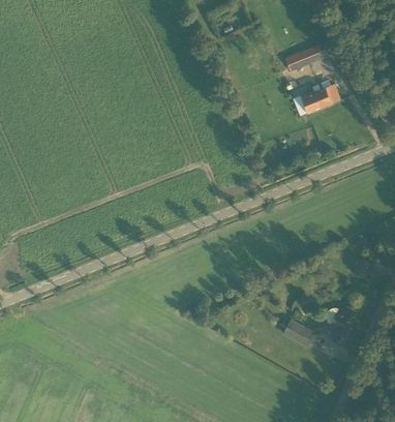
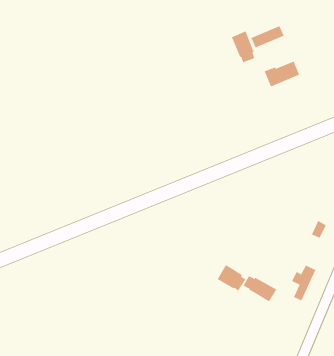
building: none -> [231,31,255,63]
building: none -> [217,264,246,292]

